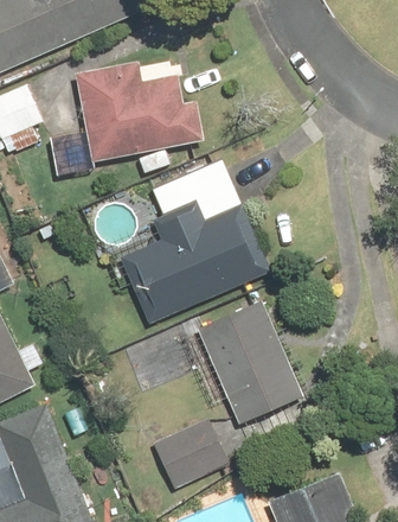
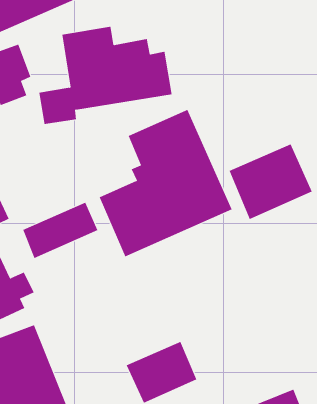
building: none -> [229,144,312,220]
building: none -> [22,202,98,259]
building: [182,303,304,425] -> none

